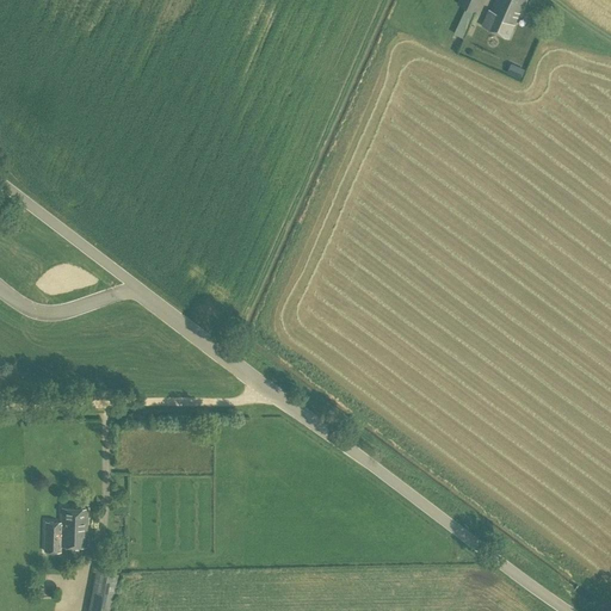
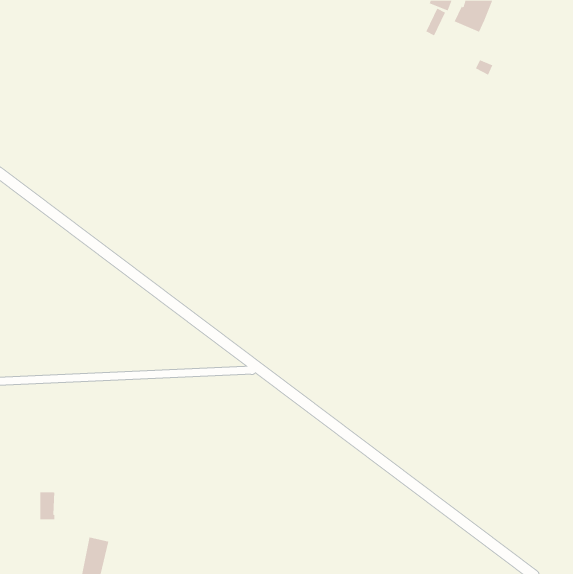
building: [57,508,85,548] -> none

